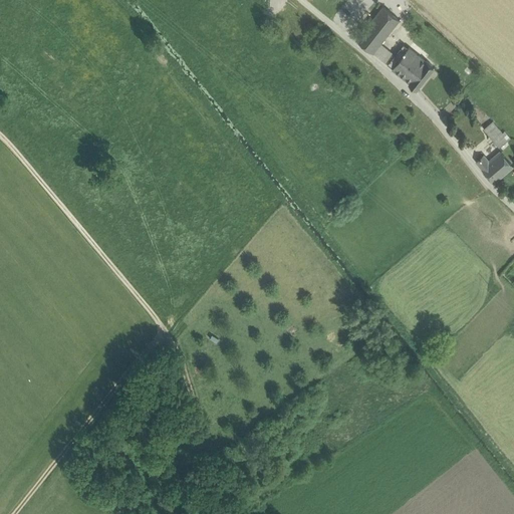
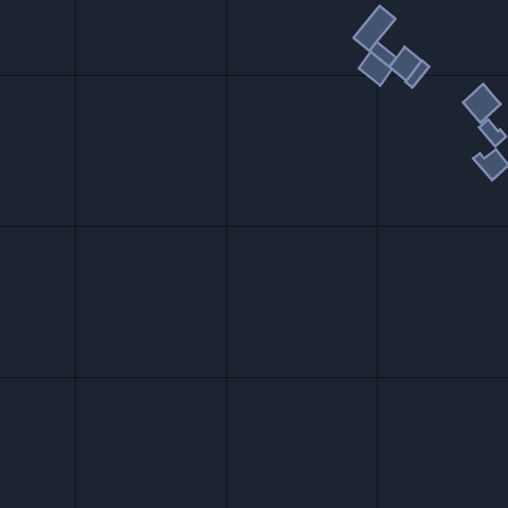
building: none -> [359,52,392,86]
building: none -> [463,84,501,123]

